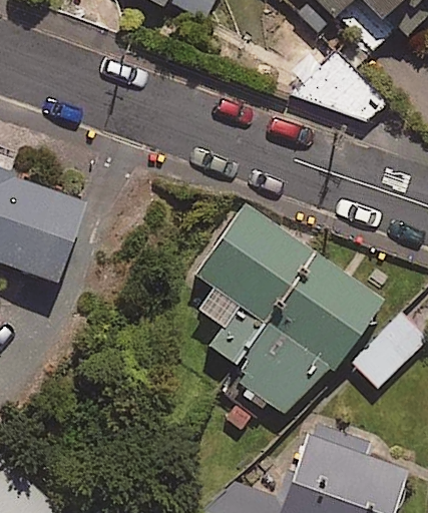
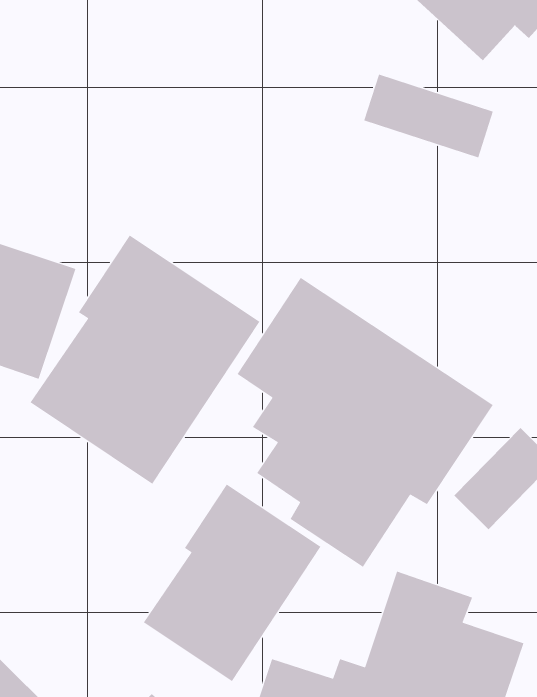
building: none -> [30,234,260,485]
building: none -> [143,483,322,682]

